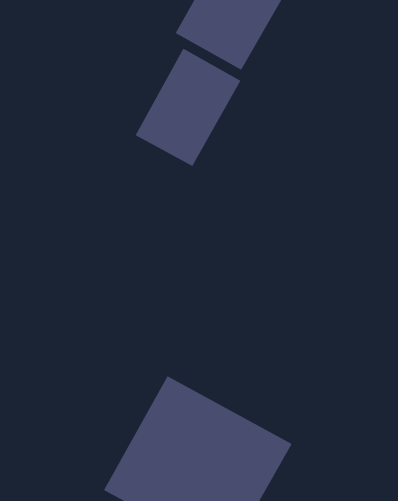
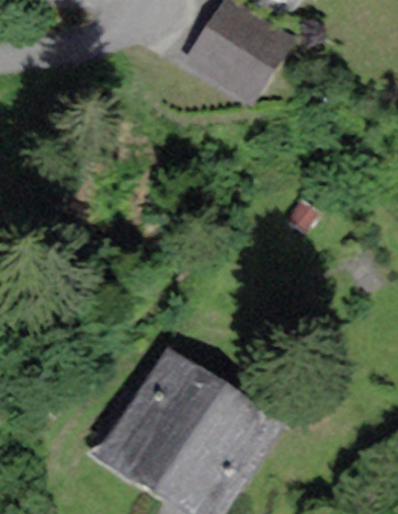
building: [135,48,241,167] -> none

